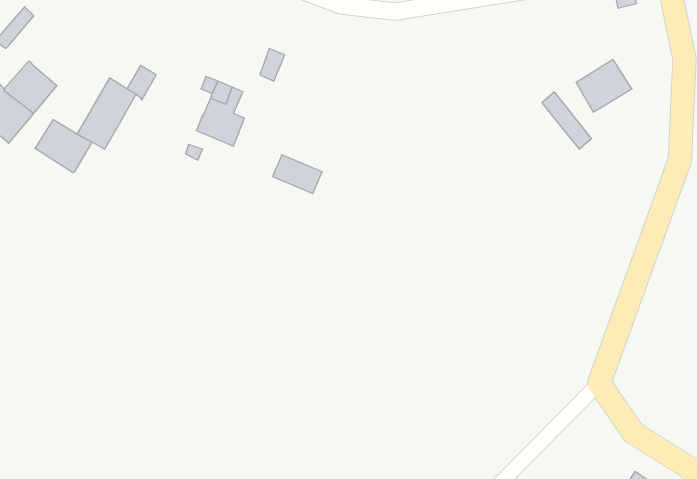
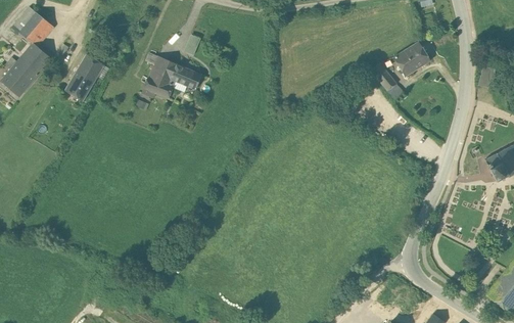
building: none -> [20,13,54,47]
building: [35,120,92,173] -> none
building: [273,155,322,193] -> [169,63,201,89]

